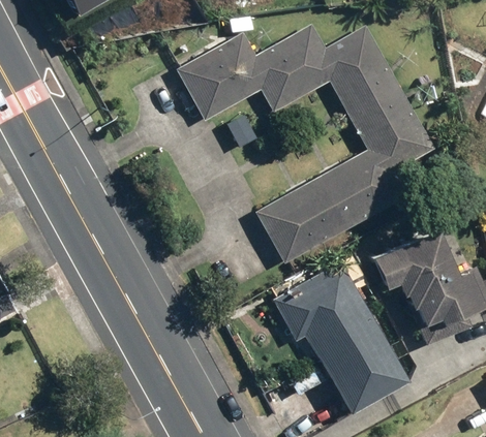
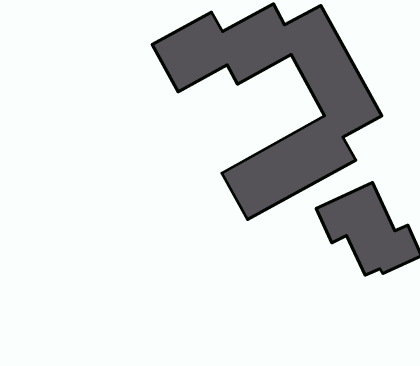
building: [271,262,405,412] -> none

